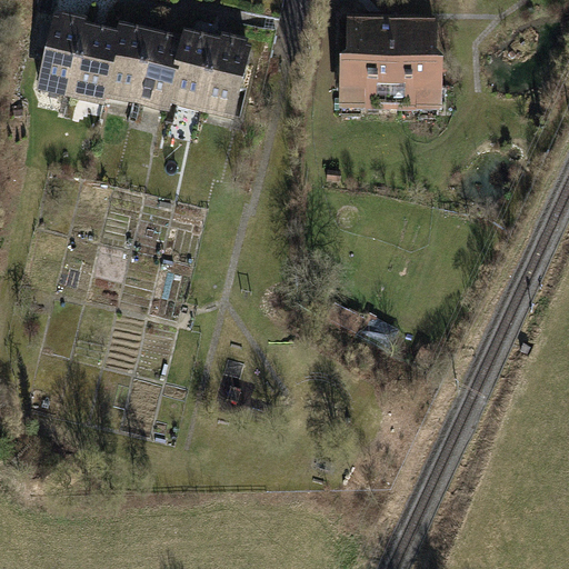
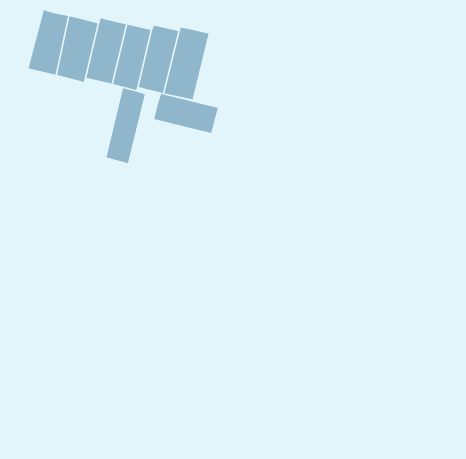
building: [336,12,445,113] -> none
building: none -> [105,87,146,164]
building: none -> [153,93,219,134]

